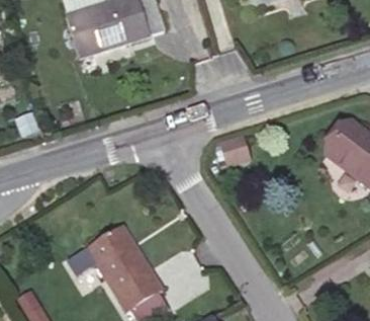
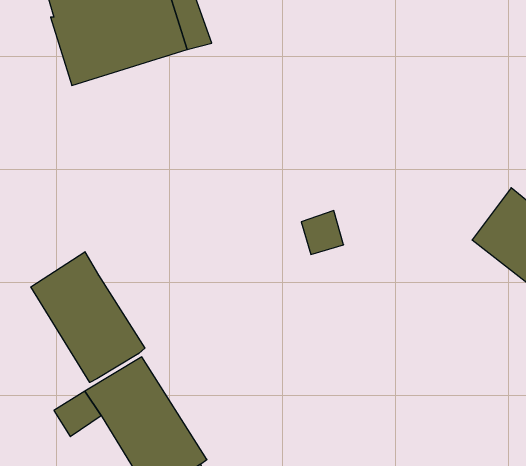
building: none -> [31,252,145,382]

